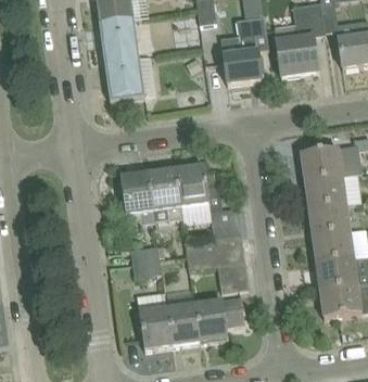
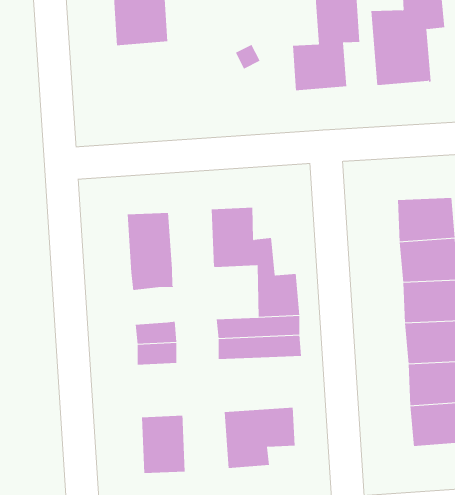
building: [104,56,144,101] -> none
building: [148,167,182,218] -> none
building: [217,262,248,291] -> none
building: [166,295,200,345] -> none

